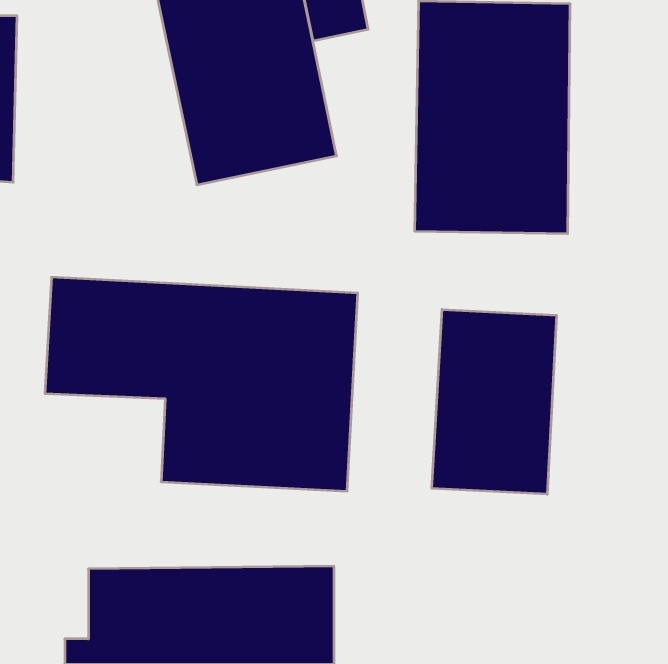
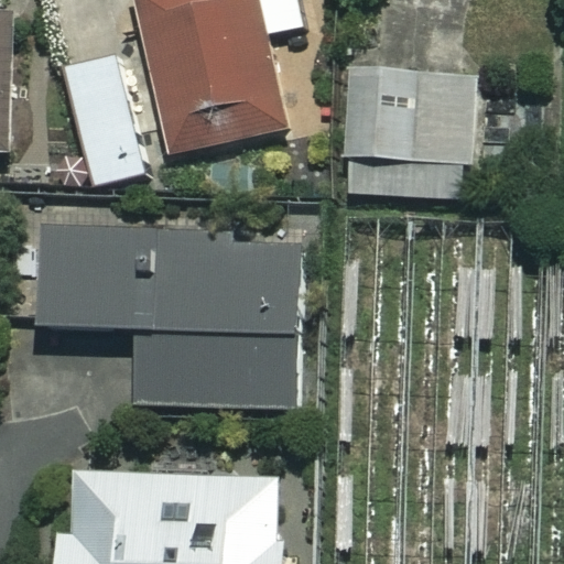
building: none -> [66,52,153,184]
building: [432,309,556,494] -> none

